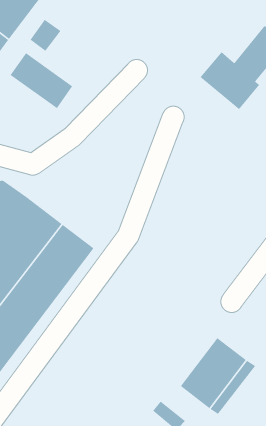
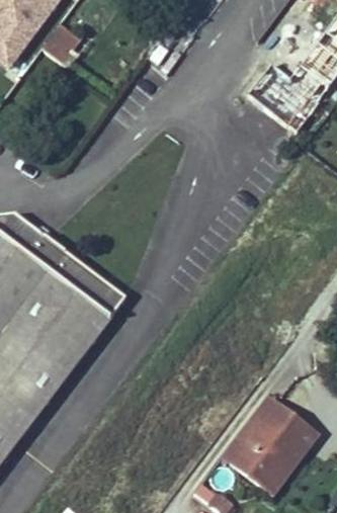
building: [10,52,73,109] -> none

